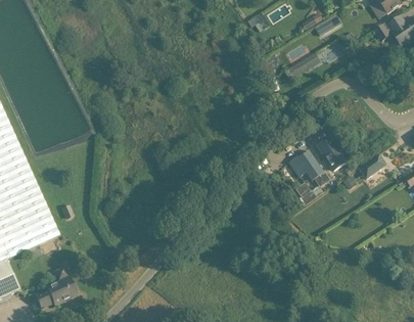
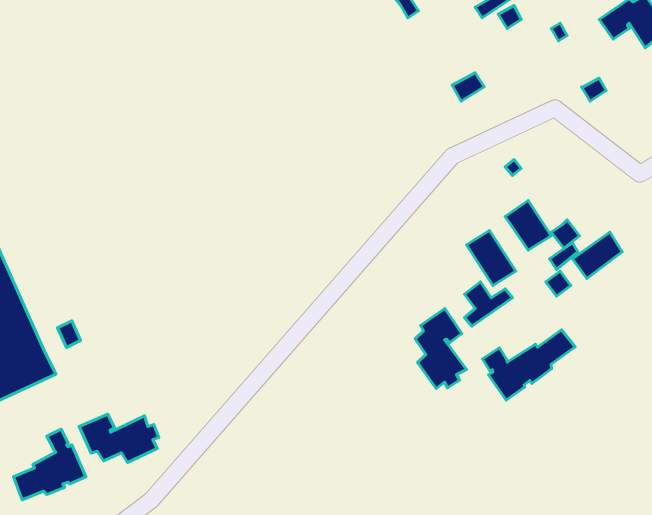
building: none -> [415,309,466,388]
building: none -> [483,330,575,400]
building: none -> [79,414,159,463]

